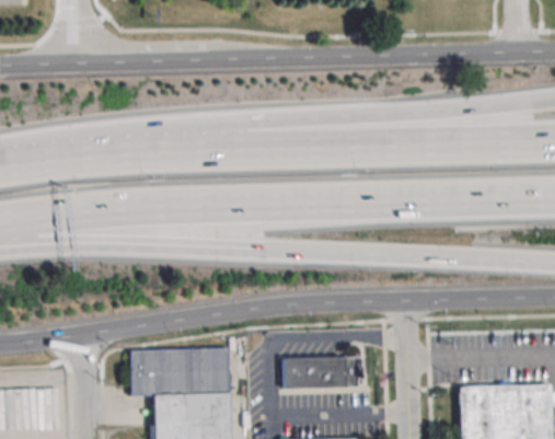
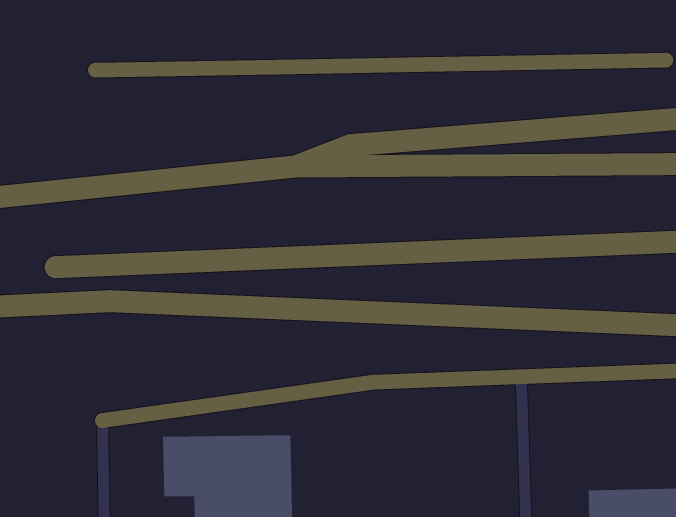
building: [286,356,363,388] -> none

